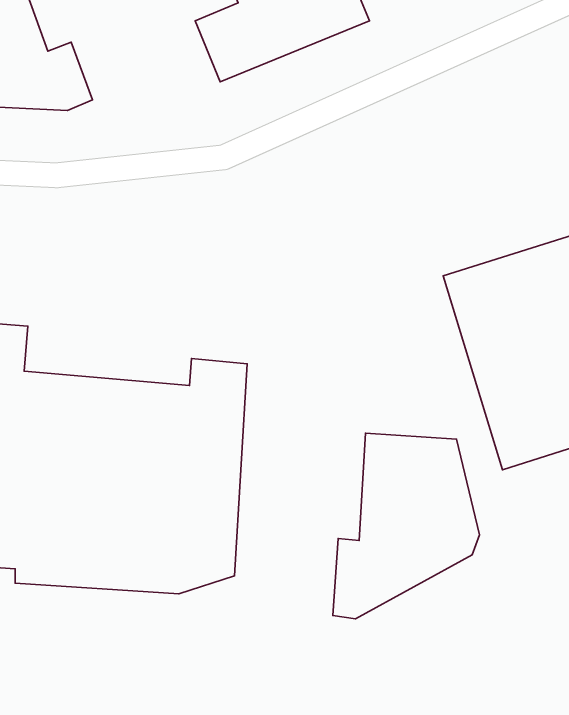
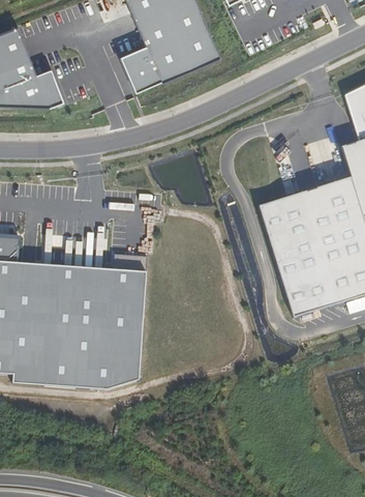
building: [333,433,480,619] -> none

